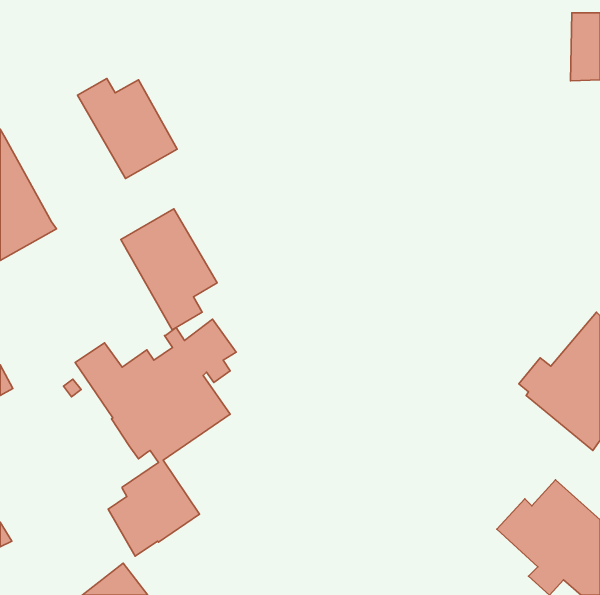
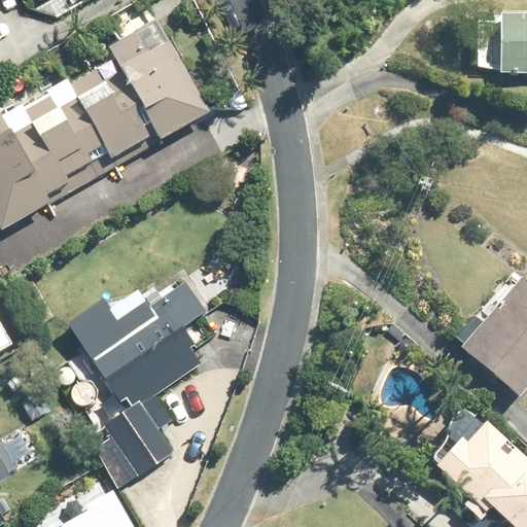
building: none -> [108,20,209,139]
building: none -> [4,83,112,196]
building: [121,209,217,330] -> none

